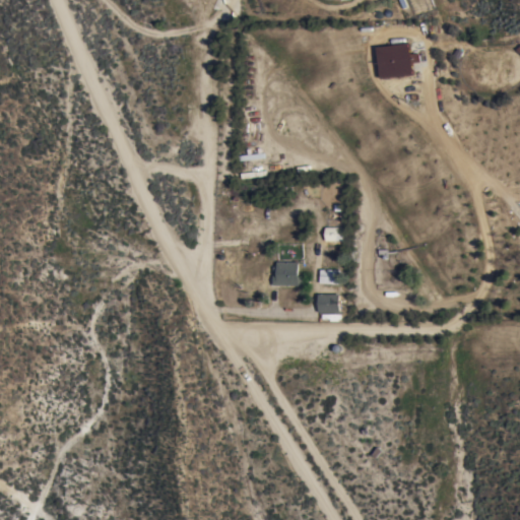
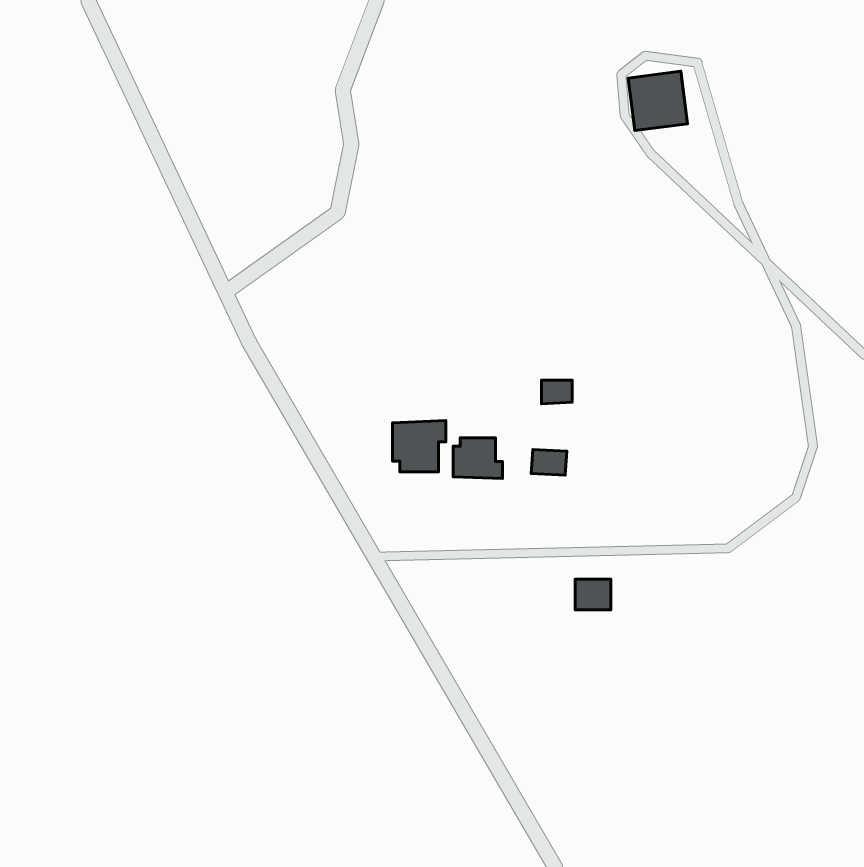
building: none -> [393,421,446,472]
building: [317,295,338,313] -> [575,579,611,610]

